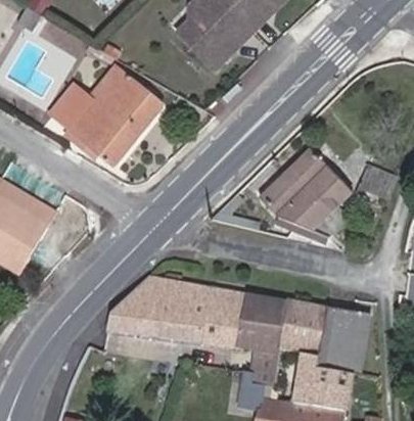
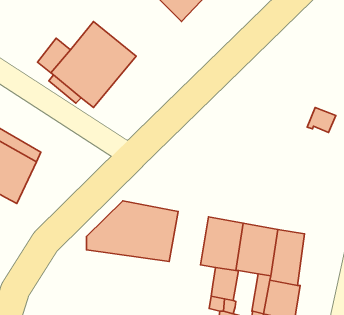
building: [259,148,353,236] -> none
building: [201,285,246,346] -> none

